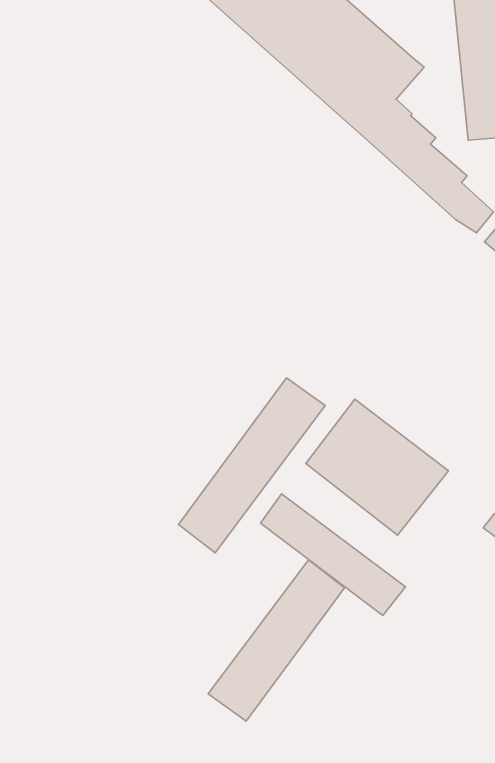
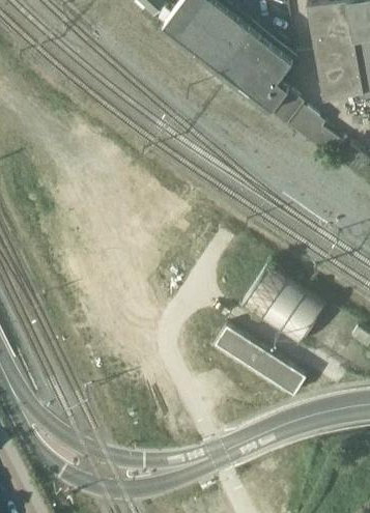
building: [178,378,325,553] -> none
building: [208,560,345,721] -> none

